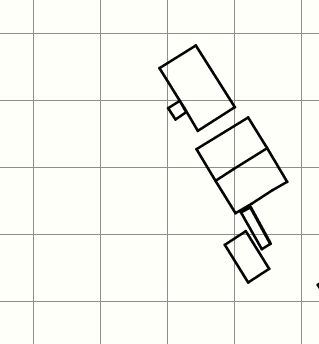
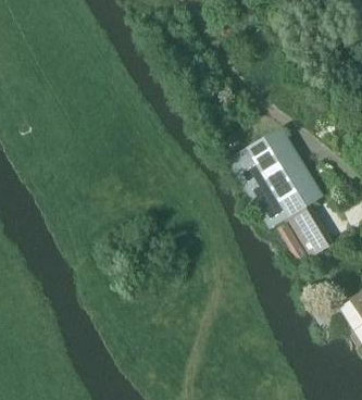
building: [160,45,235,131] -> none
building: [225,231,269,283] -> [286,202,332,255]

